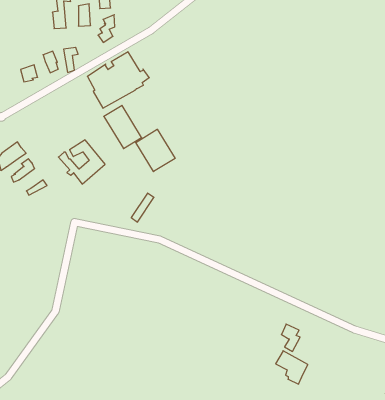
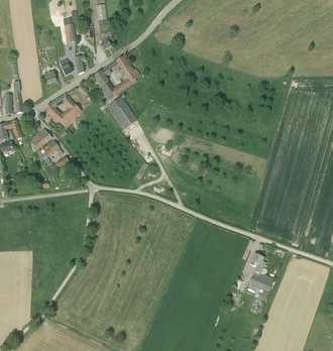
building: [136,129,175,172] -> none
building: [58,140,105,184] -> [44,93,80,126]

